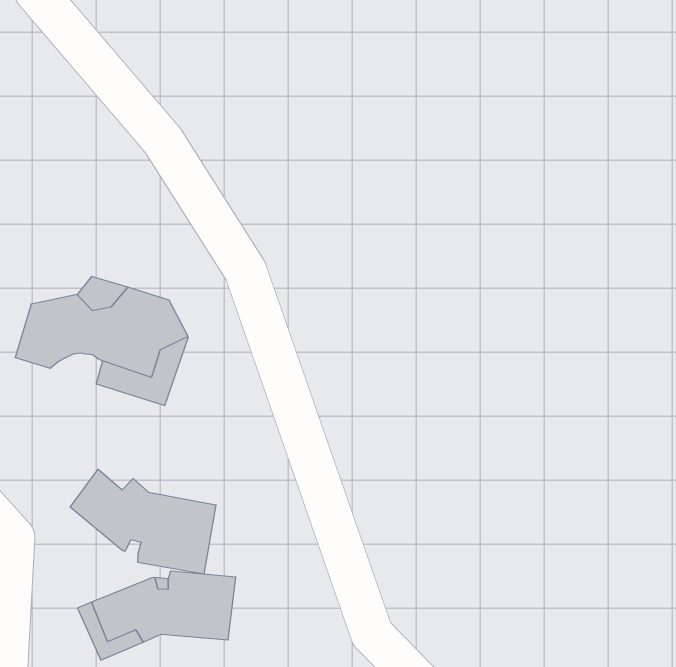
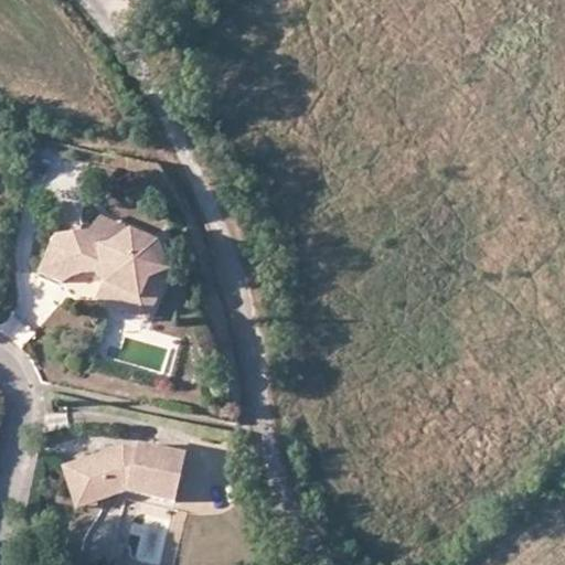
building: [70,469,216,574] -> none

